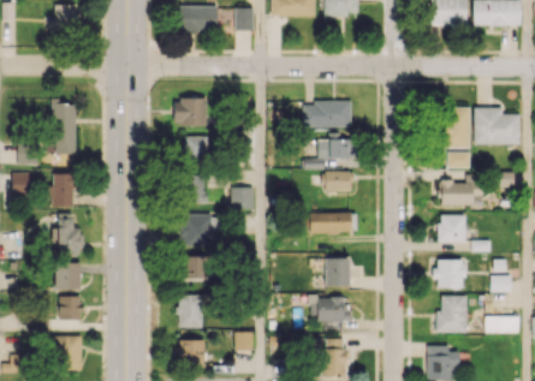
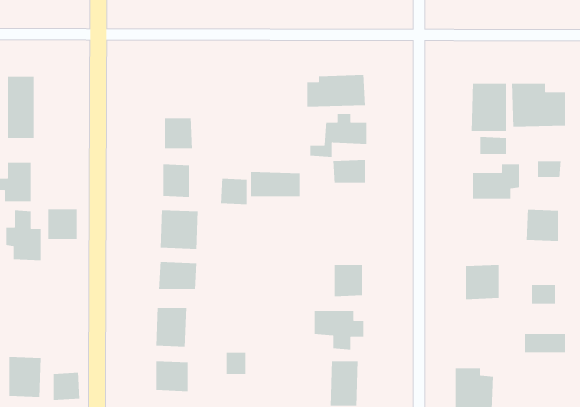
building: [173,99,207,125] -> none
building: [309,212,351,233] -> [250,171,300,197]
building: [438,214,465,242] -> [526,209,559,242]
building: [55,263,81,290] -> [47,208,78,240]
building: [436,294,466,333] -> none
building: [59,296,82,320] -> [53,372,80,401]

